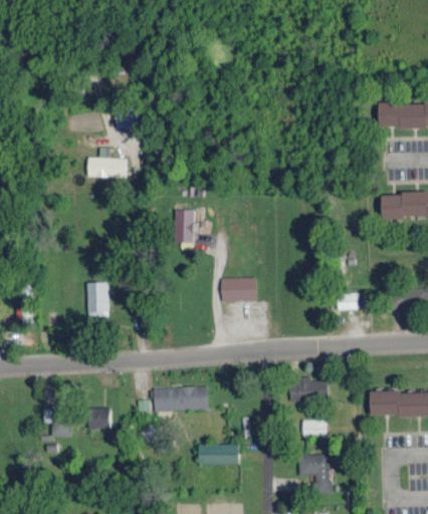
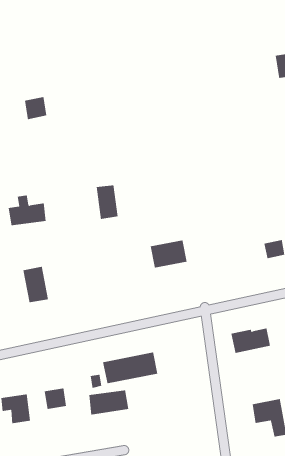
building: [87,148,126,178] -> [8,195,47,226]
building: [302,419,327,437] -> none
building: [198,443,238,464] -> [88,390,129,415]

